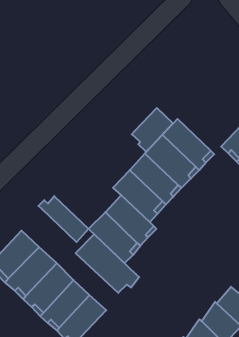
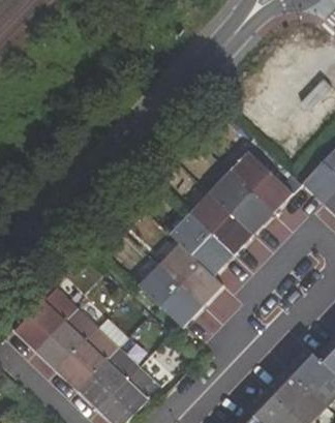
building: [132,108,173,152] -> none
building: [38,196,89,242] -> none
building: [76,234,139,293] -> none

